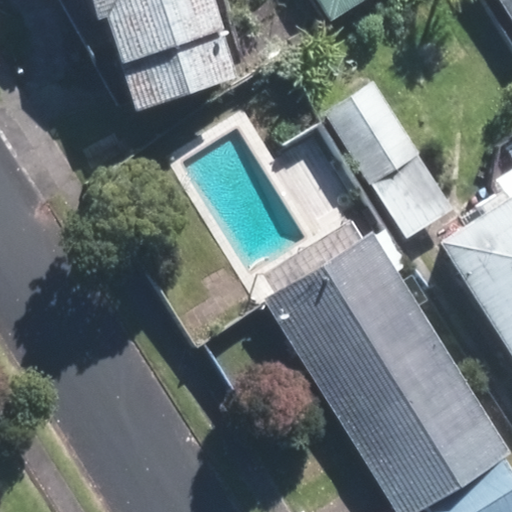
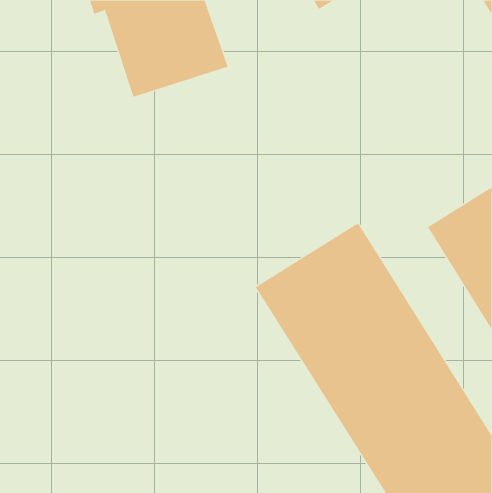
building: [324,73,464,236] -> none

